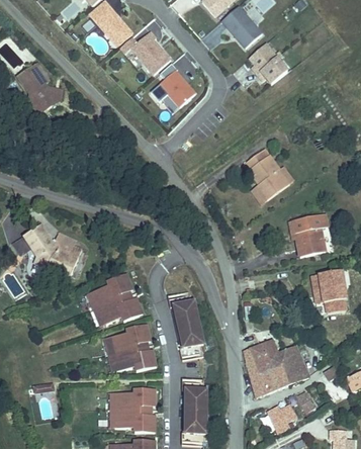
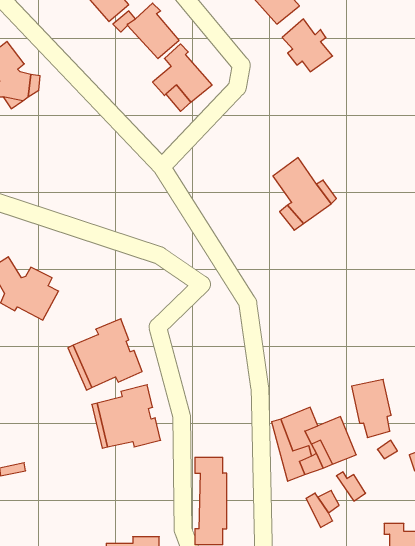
building: [289,215,323,257] -> none
building: [312,265,343,309] -> [352,379,391,438]
building: [168,291,204,361] -> none
building: [115,388,156,433] -> none

